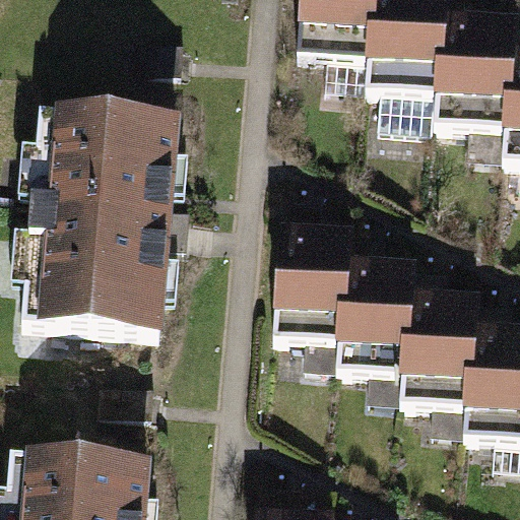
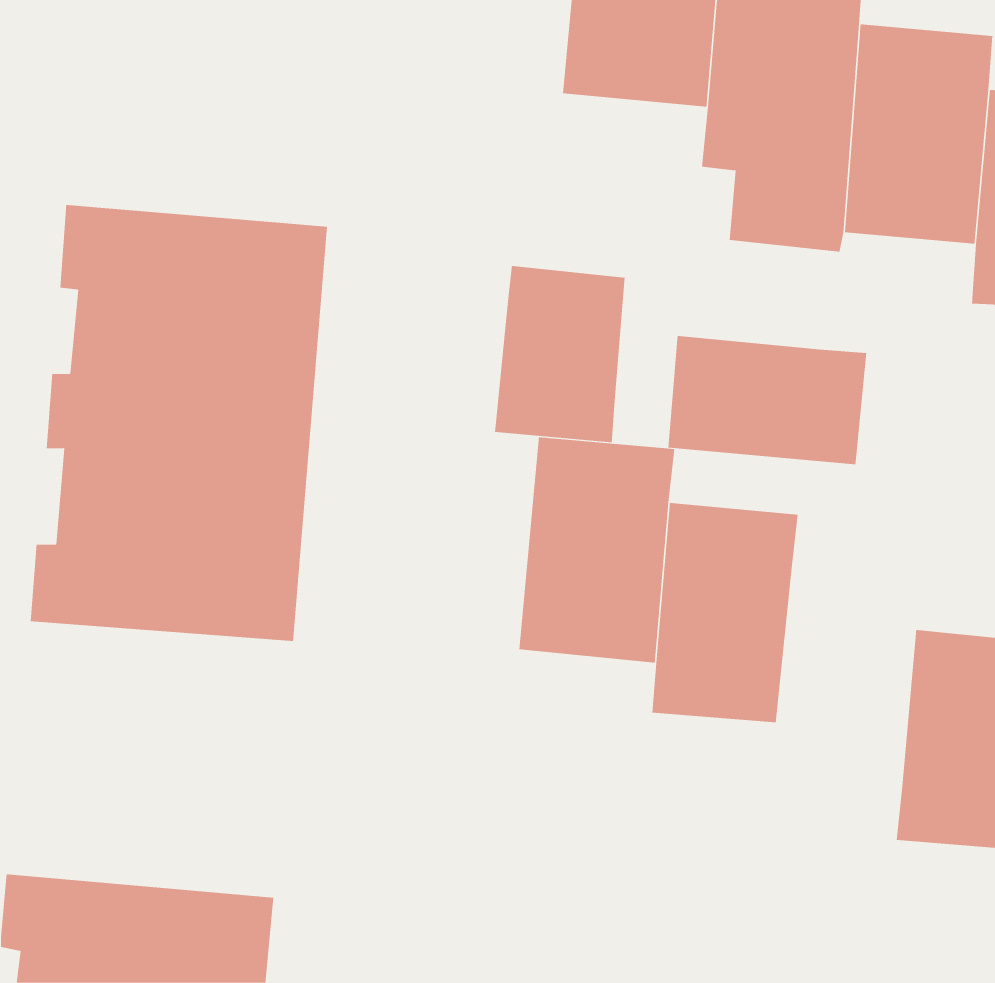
building: none -> [495,265,625,443]
building: none -> [668,335,867,465]
building: [405,290,480,402] -> none

